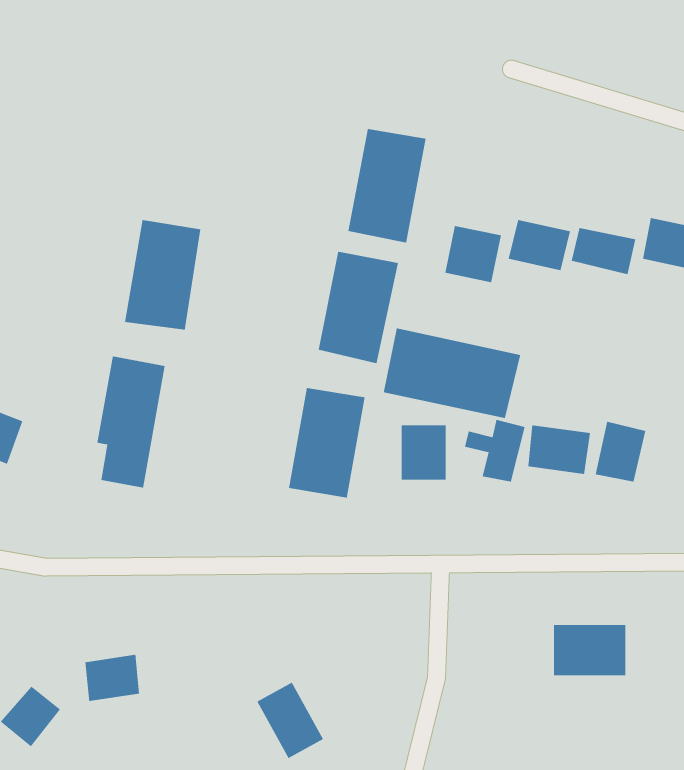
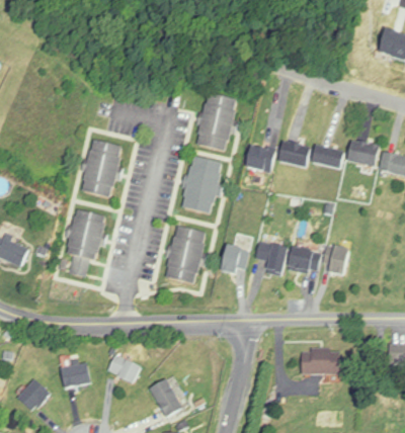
building: [383,328,521,419] -> none
building: none -> [107,352,142,382]

